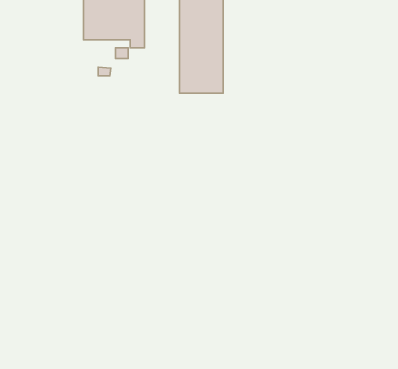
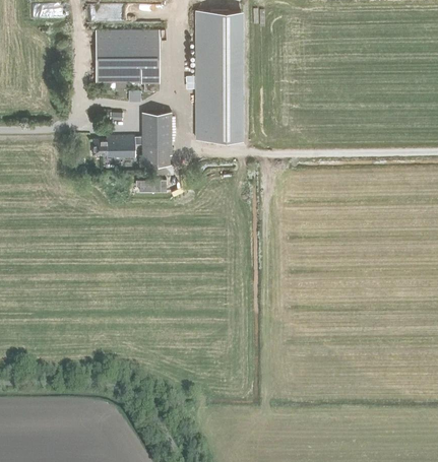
building: none -> [93,113,173,166]

